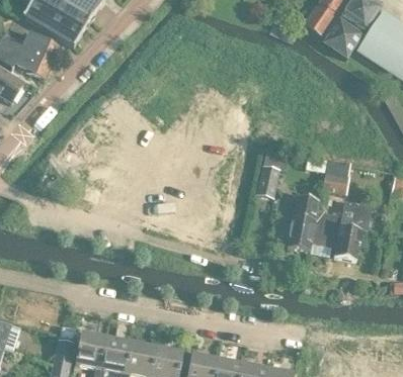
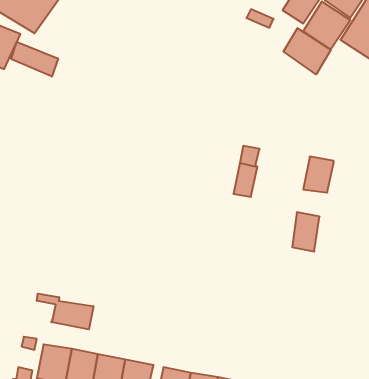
building: none -> [283,28,331,74]
building: none -> [11,42,58,77]
building: [288,194,318,250] -> none
building: [334,201,373,260] -> none
building: none -> [37,294,93,329]

